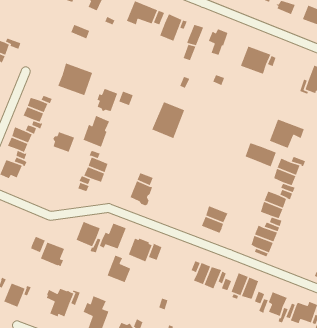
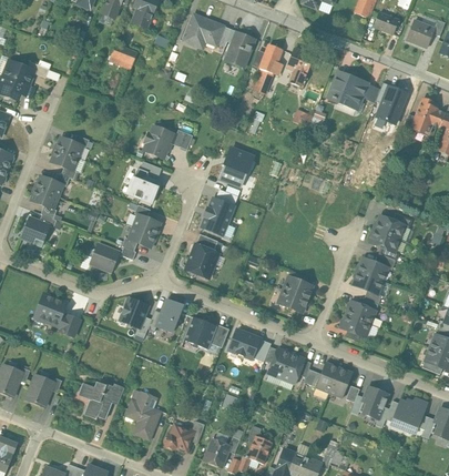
building: none -> [374,83,408,125]
building: [57,63,93,96] -> none
building: [269,119,305,149] -> none
building: [53,131,75,153] -> [90,244,119,272]
building: none -> [201,190,237,235]
building: [245,142,277,167] -> none
building: [40,241,65,268] -> [34,294,67,327]
building: none -> [228,330,259,358]
building: [107,255,131,283] -> none

